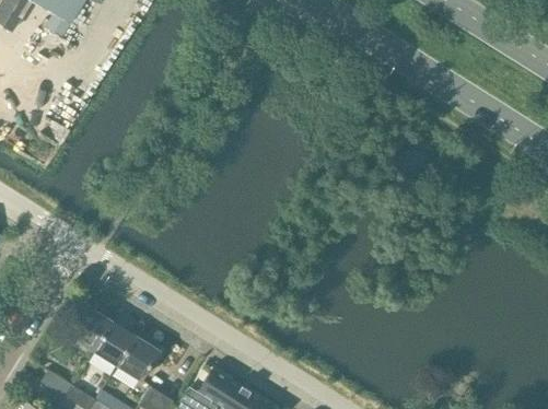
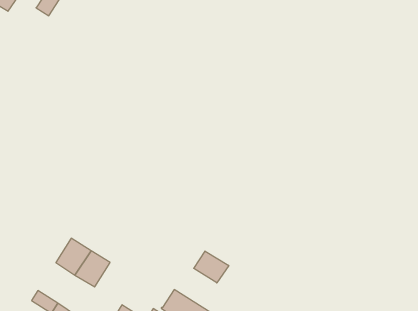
building: none -> [194,251,229,283]
building: [118,337,161,382] -> none

